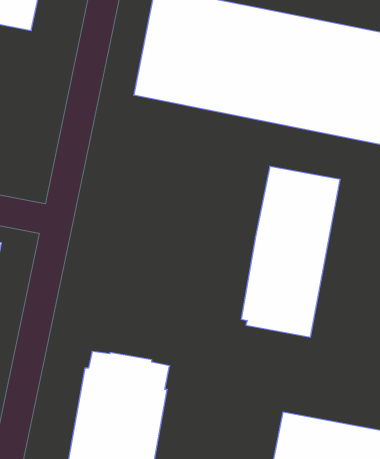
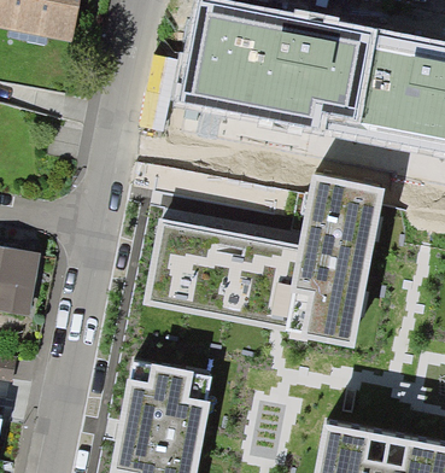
building: none -> [146,221,299,329]

